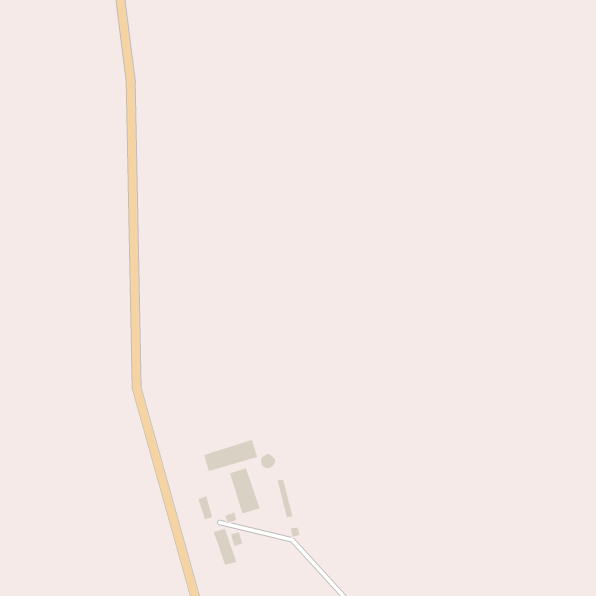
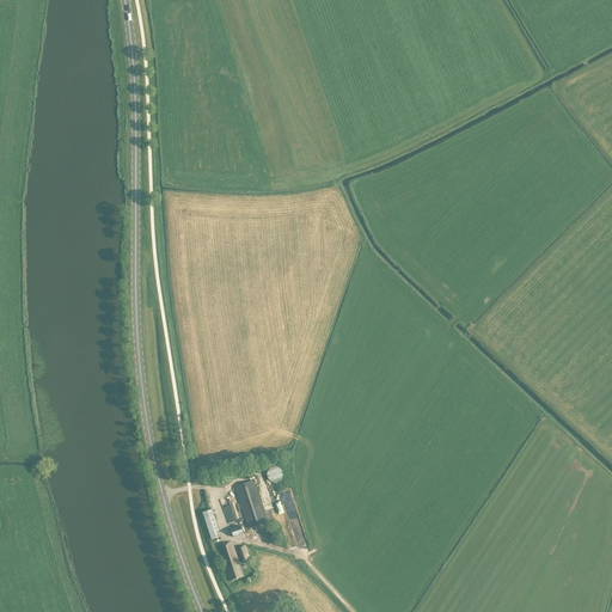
building: [203,439,258,472] -> none

